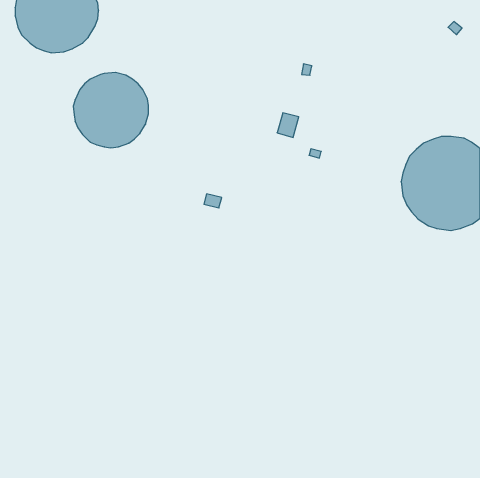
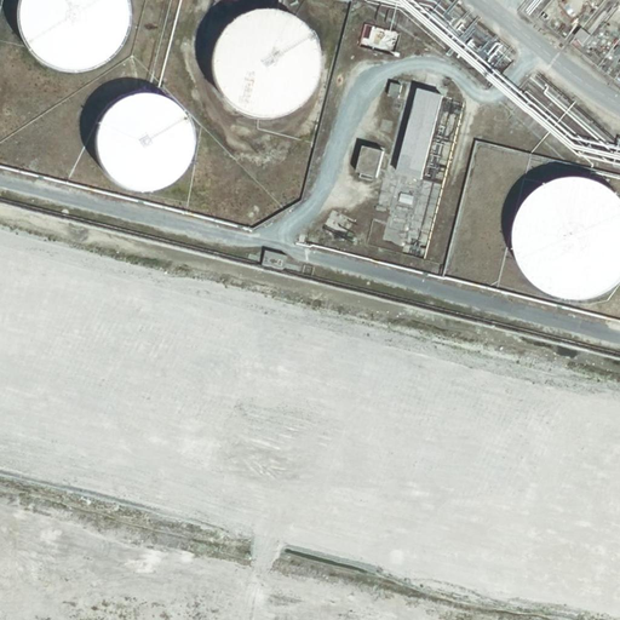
building: none -> [212,10,318,117]
building: none -> [398,88,442,178]

